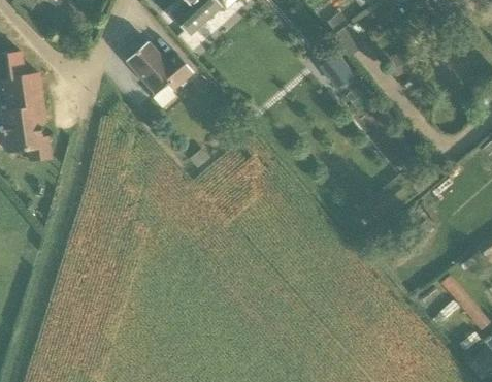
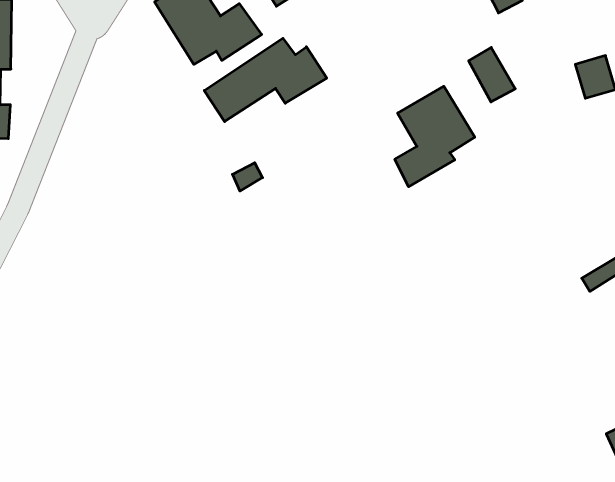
building: none -> [204,38,327,122]
building: none -> [395,86,475,187]

